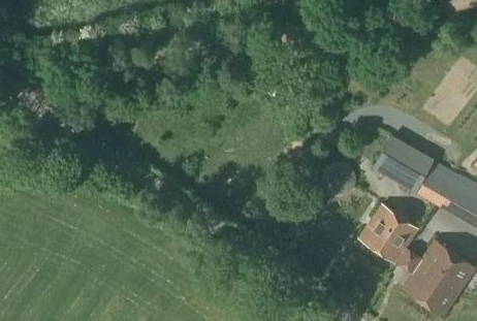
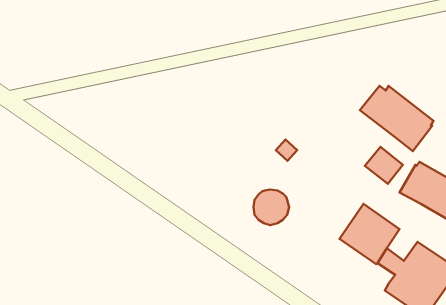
building: none -> [360,86,434,151]
building: [319,162,354,197] -> [253,189,289,225]

